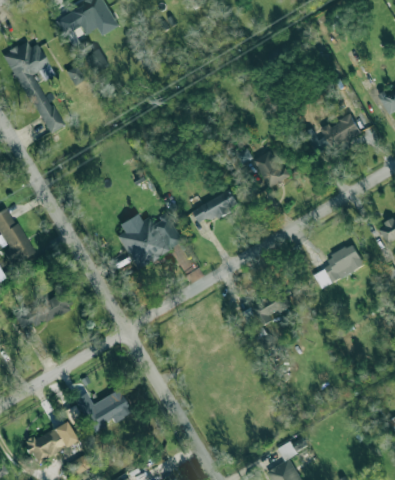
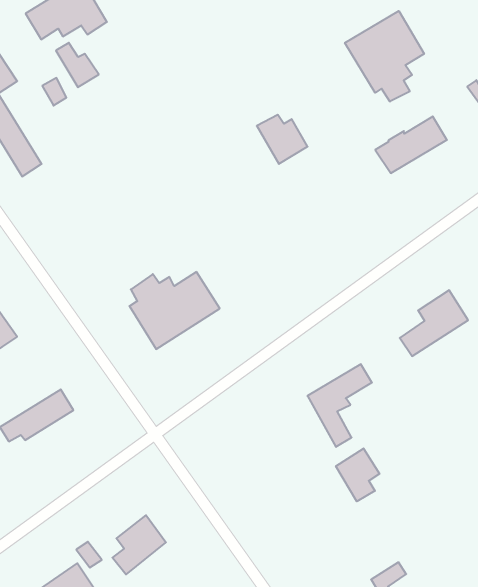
building: none -> [345,11,424,102]
building: [254,152,290,188] -> [257,115,308,164]
building: [192,191,239,225] -> none
building: none -> [336,448,379,501]

